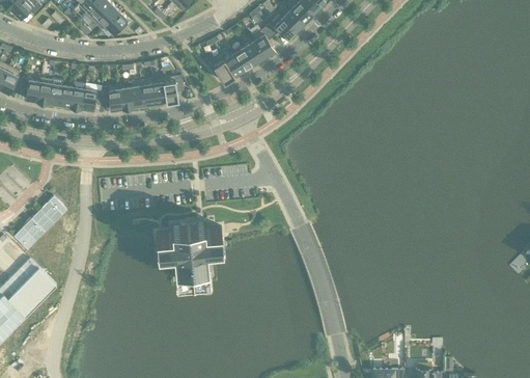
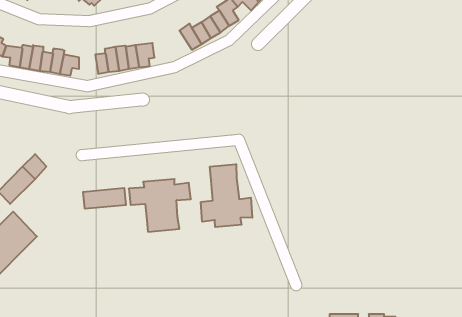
building: [102,86,122,112] -> none
building: none -> [201,164,252,227]
building: none -> [83,188,126,209]

